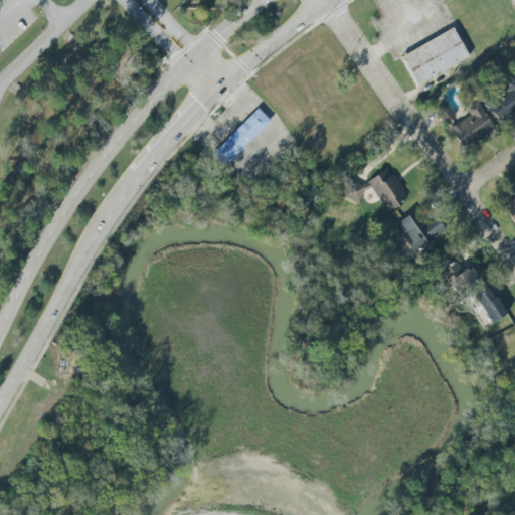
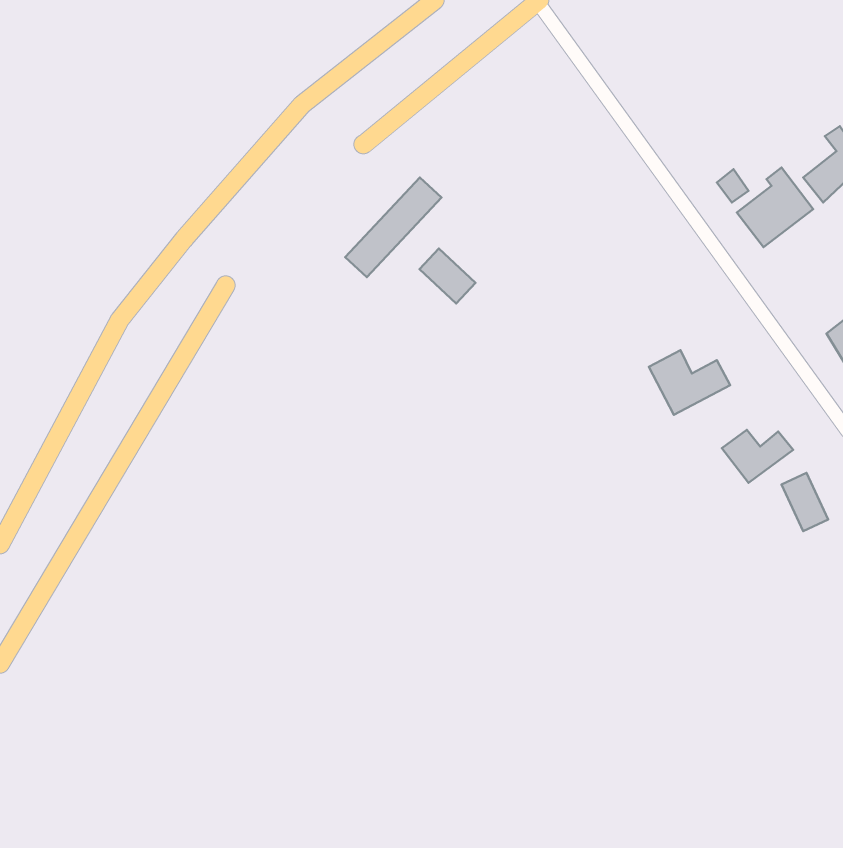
building: [401,27,470,85] -> none
building: none -> [419,249,475,304]
building: [345,167,408,210] -> none

